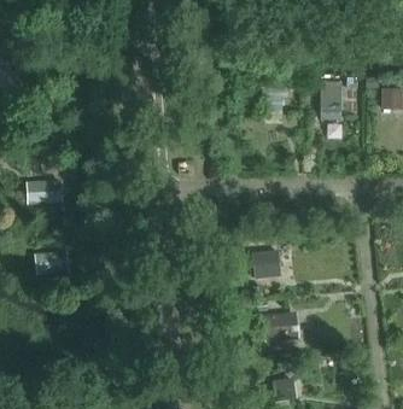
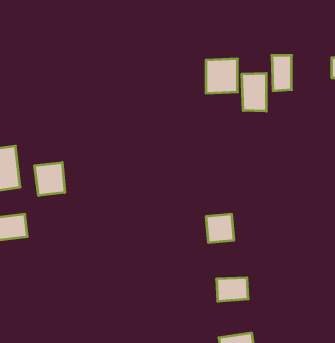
building: none -> [242,73,266,111]
building: none -> [35,162,65,196]

